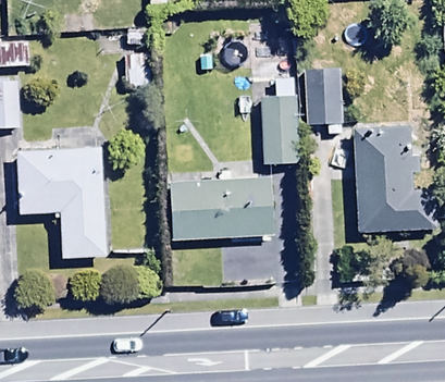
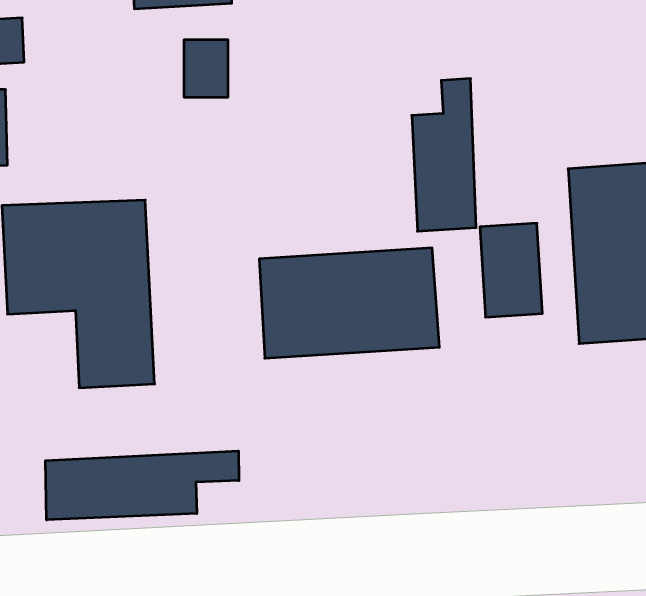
building: [306,69,343,124] -> [480,223,542,317]
building: none -> [46,451,239,520]

